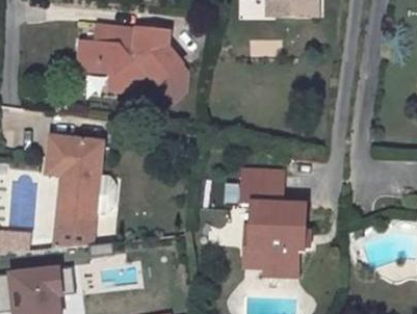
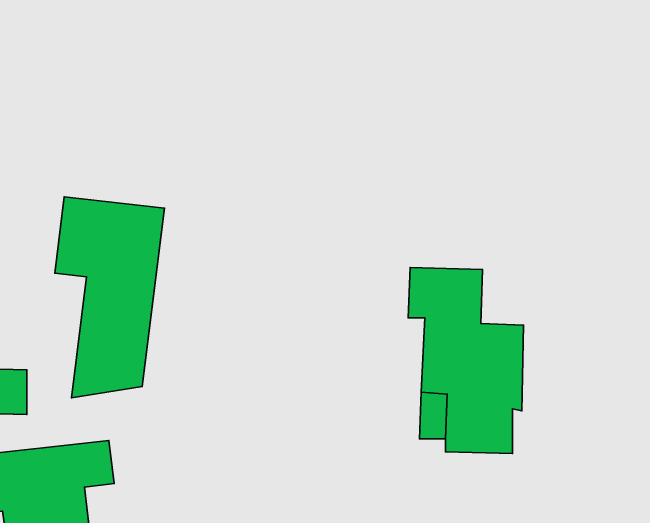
building: [72,26,188,98] -> none

